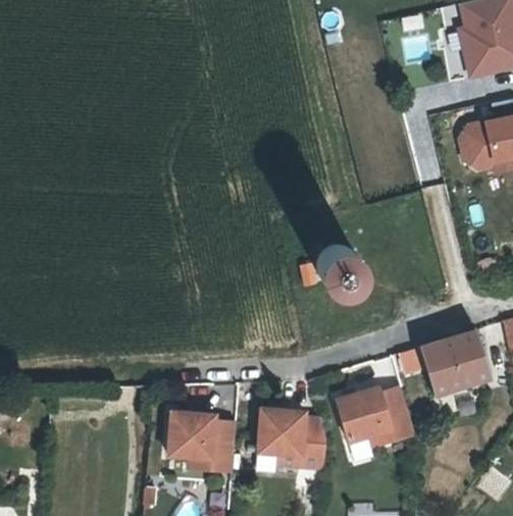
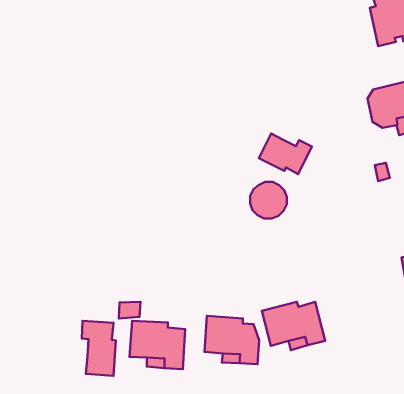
building: none -> [259,133,312,174]
building: [403,331,484,393] -> none
building: none -> [82,321,116,376]

